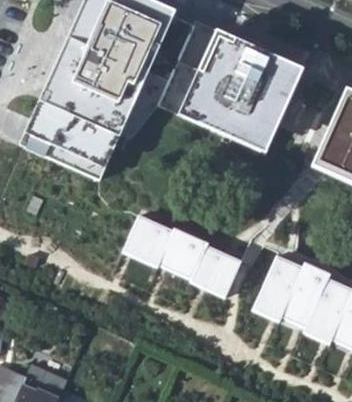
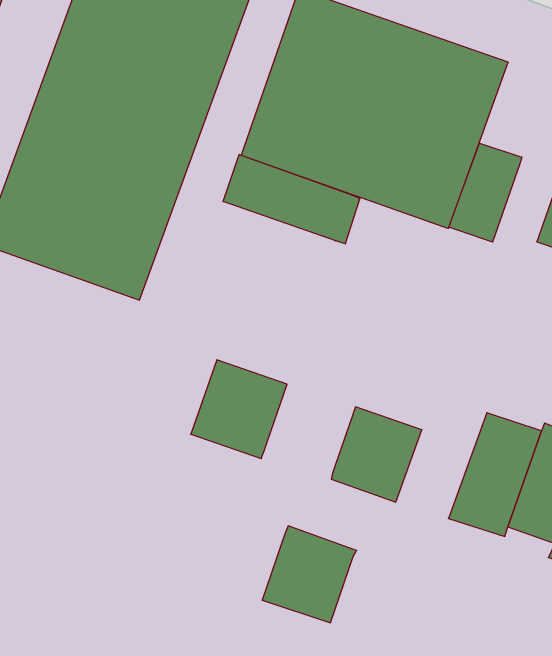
building: none -> [223,154,360,244]
building: none -> [449,143,522,242]
building: [158,226,210,279] -> [262,526,357,623]

